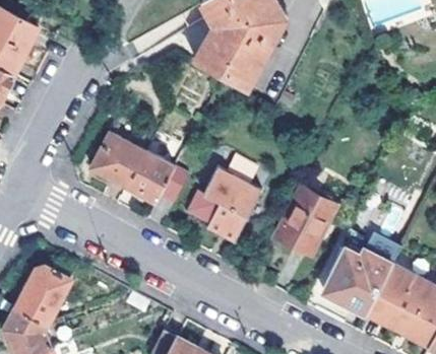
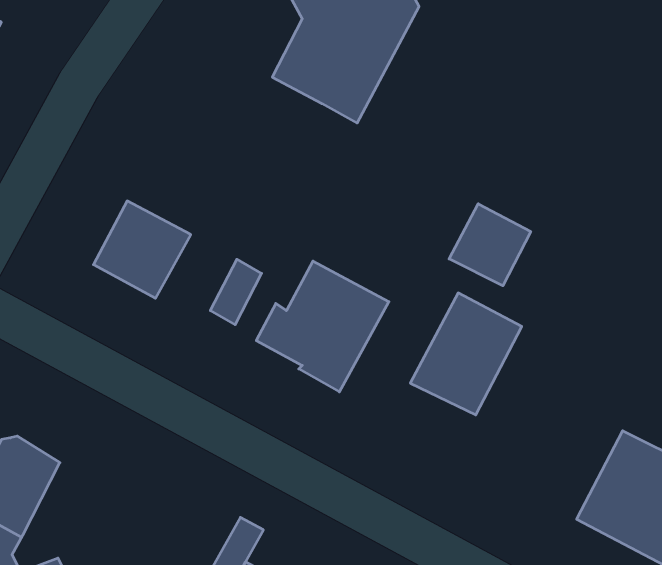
building: none -> [449,204,531,286]
building: [126,151,173,203] -> none
building: [325,246,394,314] -> none

